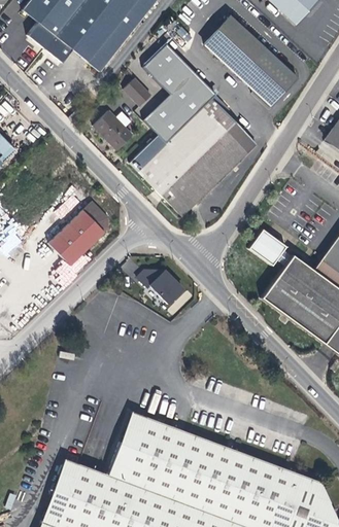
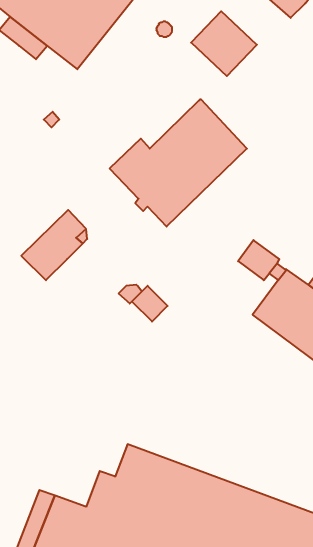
building: [144,44,215,144] -> none
building: [238,48,298,107] -> none
building: [124,78,151,106] -> none
building: [94,111,133,150] -> none
building: [121,412,146,447] -> none

